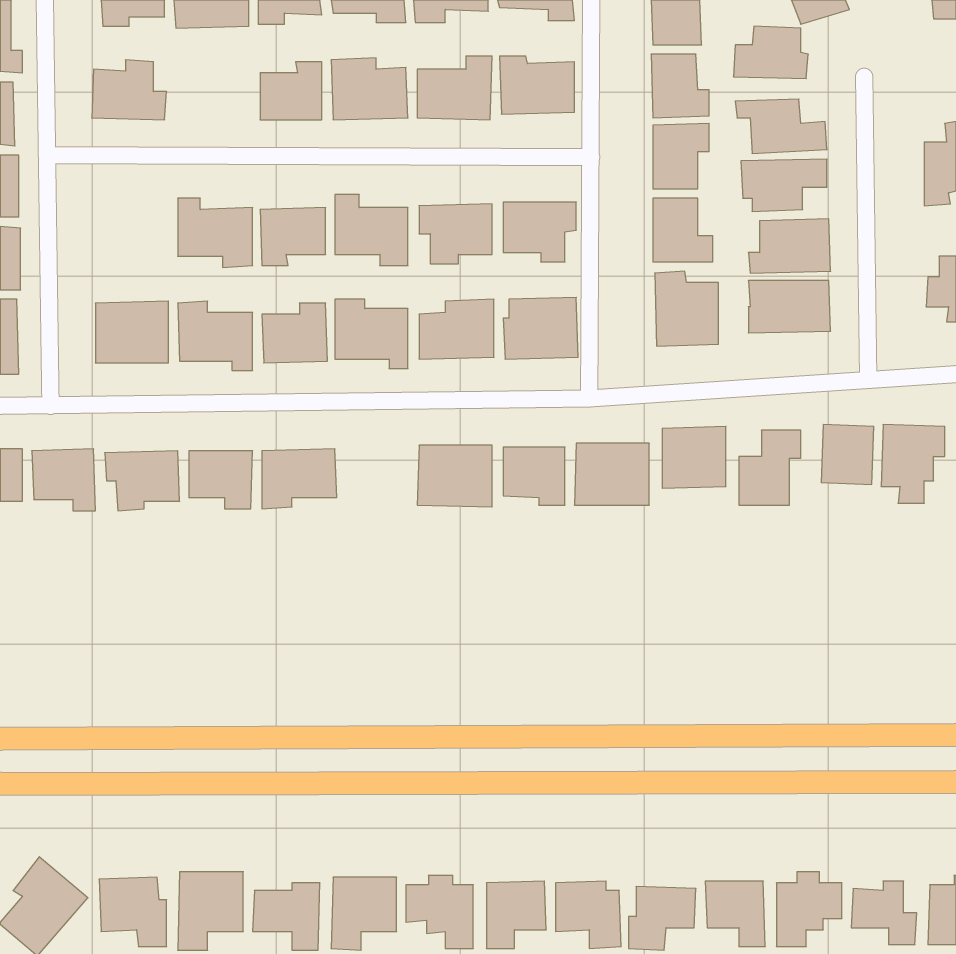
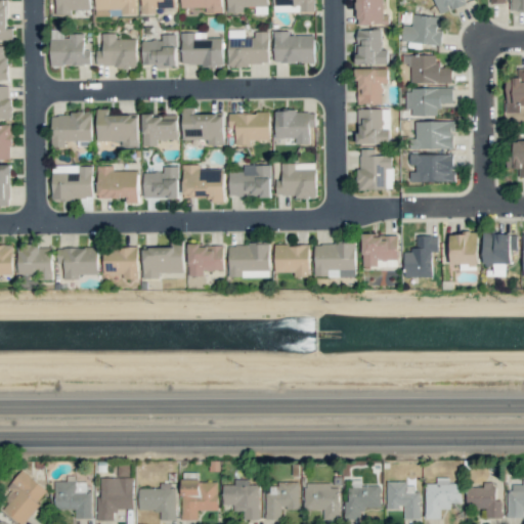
building: none -> [96,34,137,69]
building: none -> [51,114,92,148]
building: none -> [188,246,223,276]

